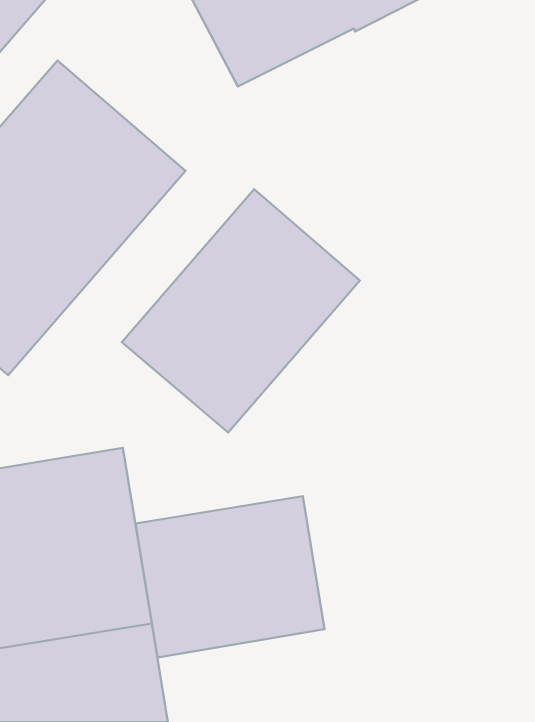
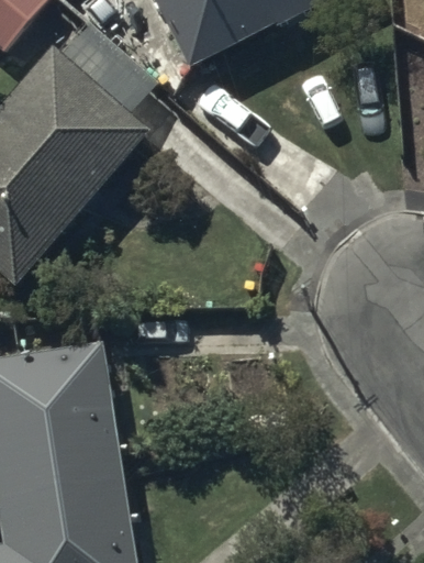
building: [122,189,360,432] -> none
building: [136,496,324,657] -> none

